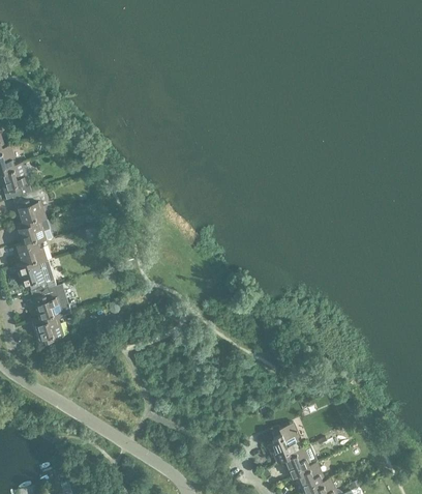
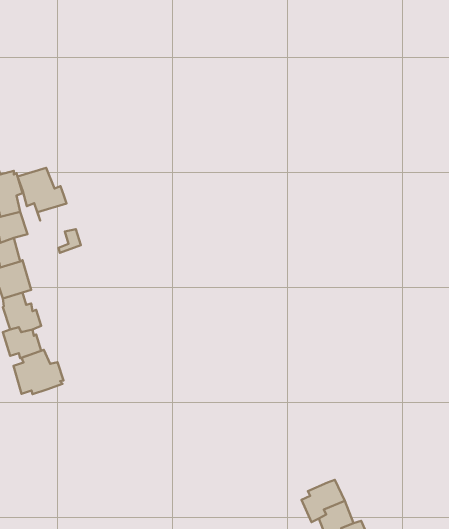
building: none -> [17,168,66,220]
building: none -> [13,350,63,394]
building: [268,425,303,465] -> none

